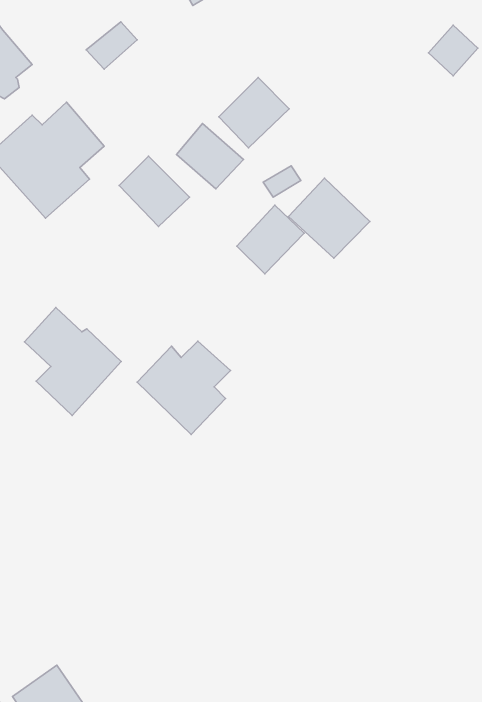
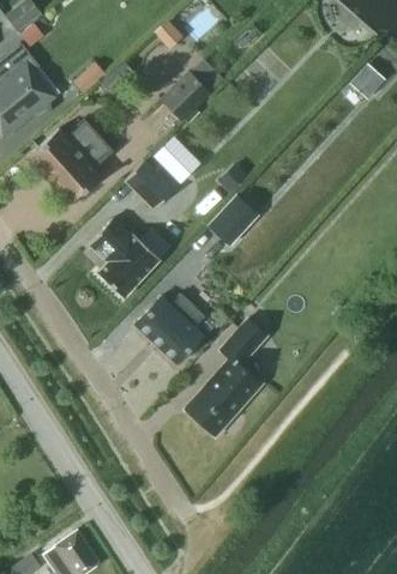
building: [219,78,289,148] -> [160,70,211,121]
building: [288,178,370,258] -> none
building: [25,307,121,415] -> [89,218,160,297]
building: none -> [185,321,266,436]

